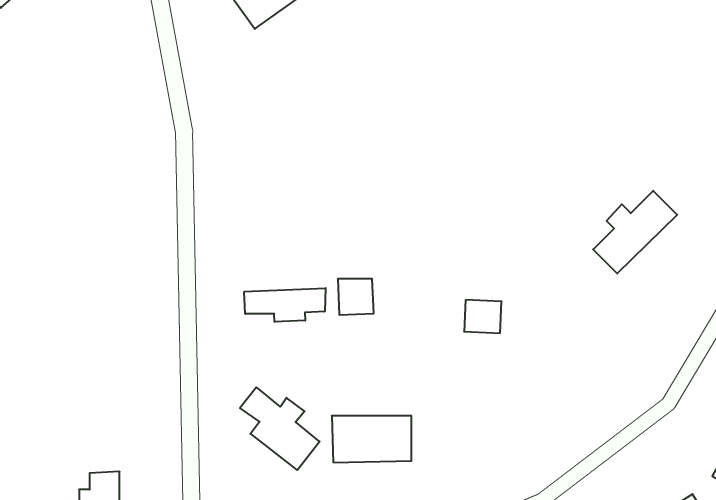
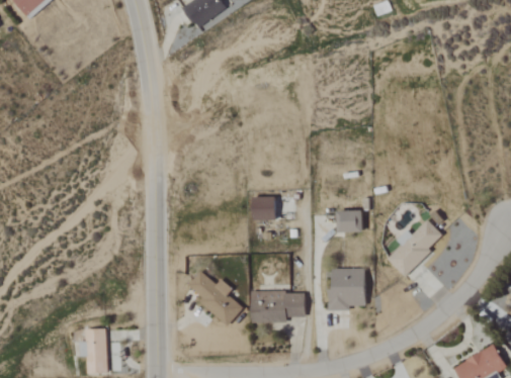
building: [593,191,677,274] -> [388,220,444,276]
building: [244,288,326,322] -> none
building: none -> [327,268,365,309]

